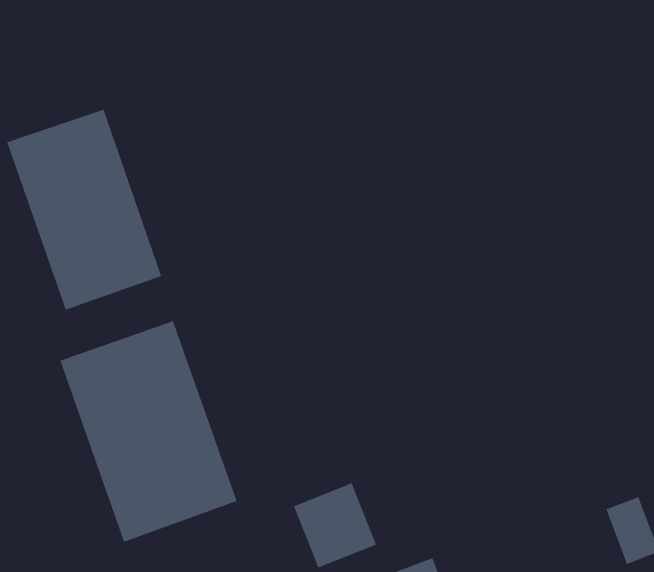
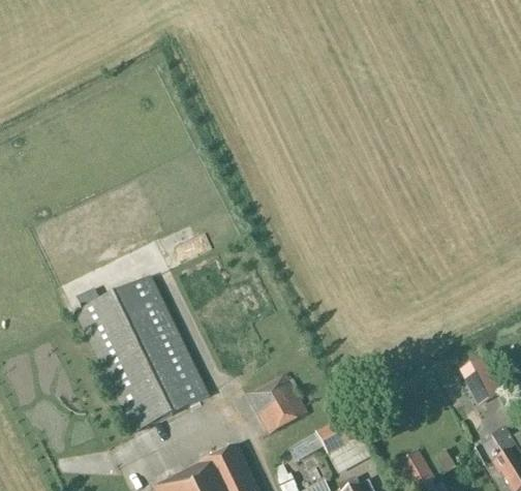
building: [7,109,162,310] -> none

